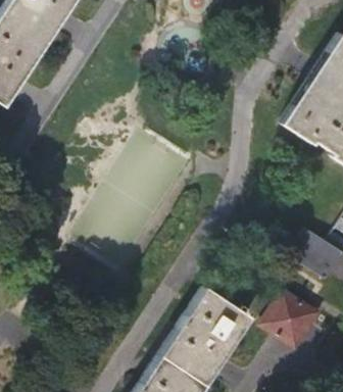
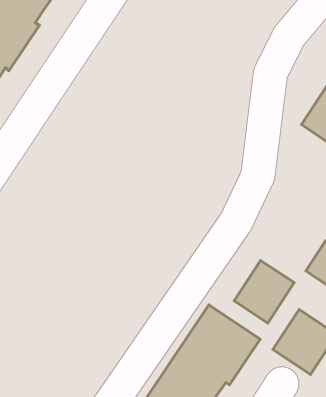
building: none -> [234,260,294,323]

